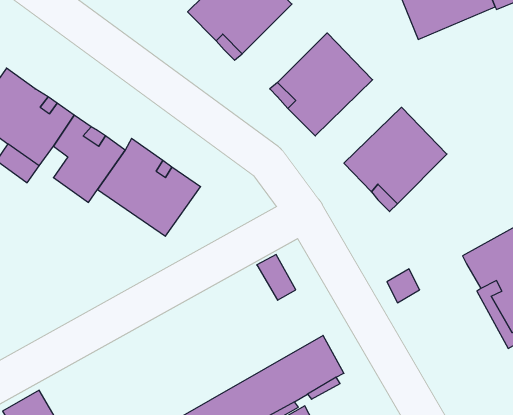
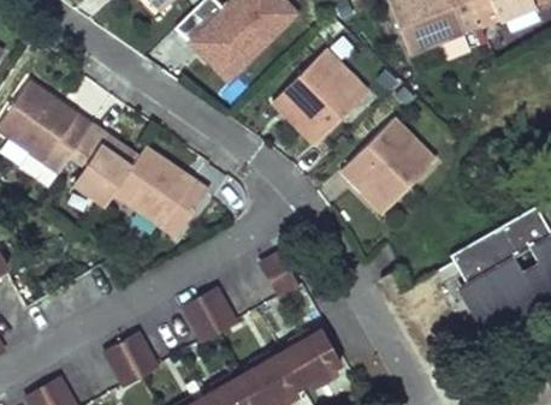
building: none -> [183,288,235,340]
building: none -> [105,333,156,386]

